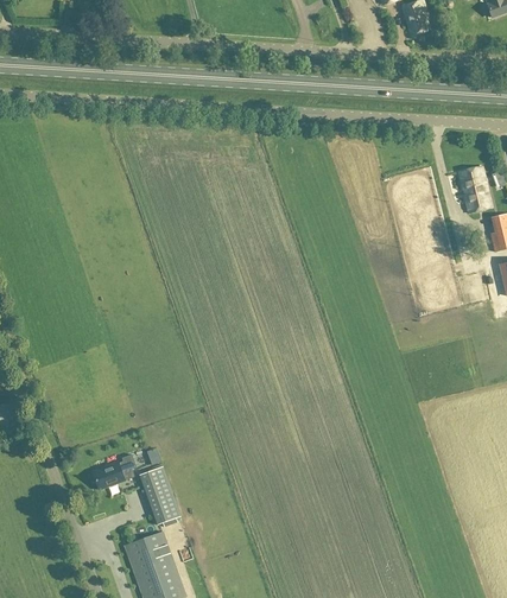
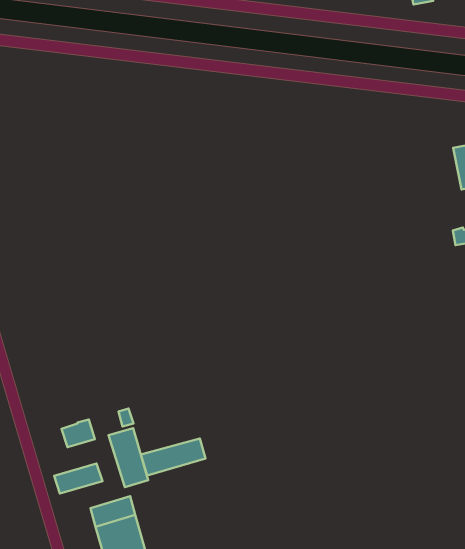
building: none -> [141,438,205,475]
building: none -> [54,464,102,493]

